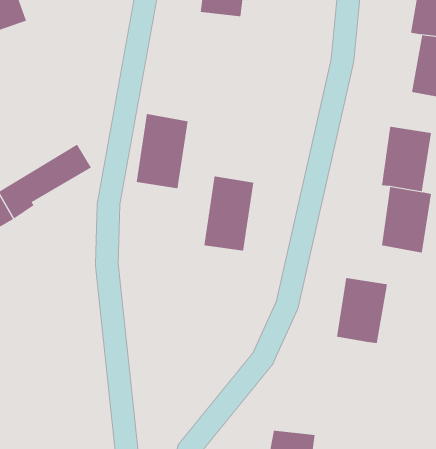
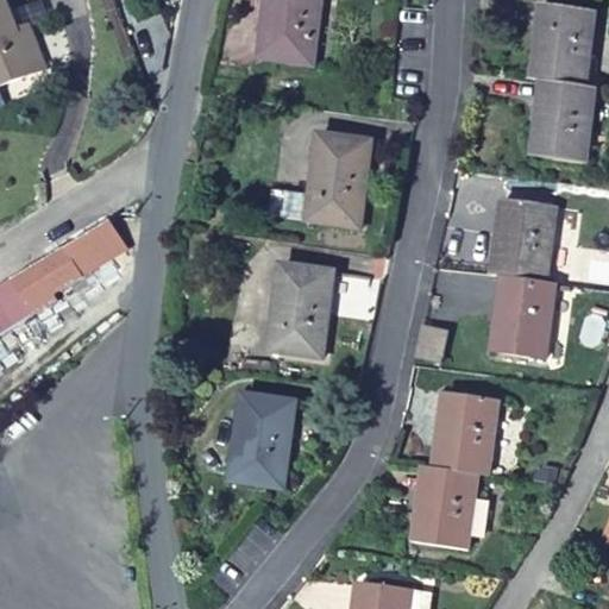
building: [136,114,188,189] -> [309,127,376,222]
building: none -> [227,396,294,488]
building: none -> [412,463,484,548]

